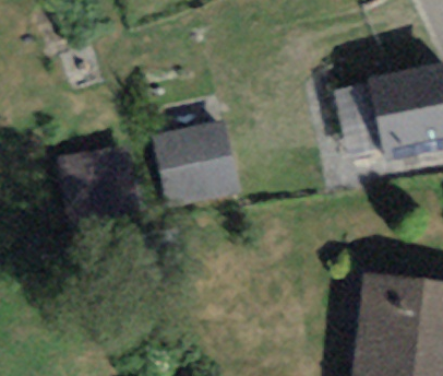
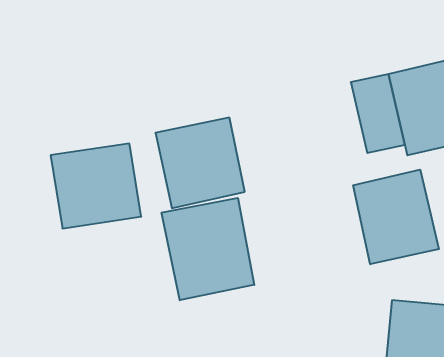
building: none -> [353,170,439,264]
building: none -> [162,198,254,300]

